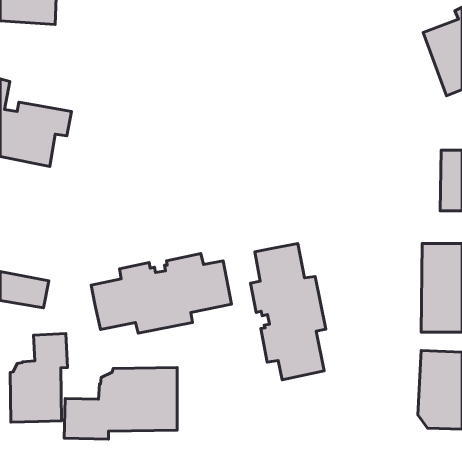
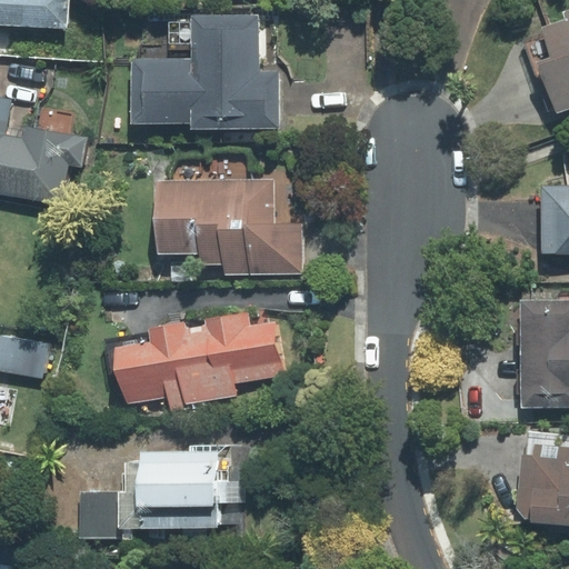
building: none -> [131,14,279,130]
building: none -> [156,179,303,274]
building: [251,244,326,380] -> none
building: [10,333,67,422] -> none

